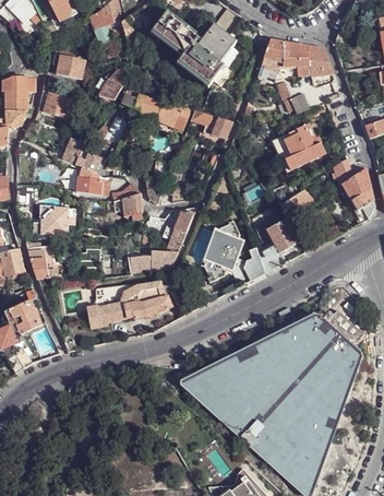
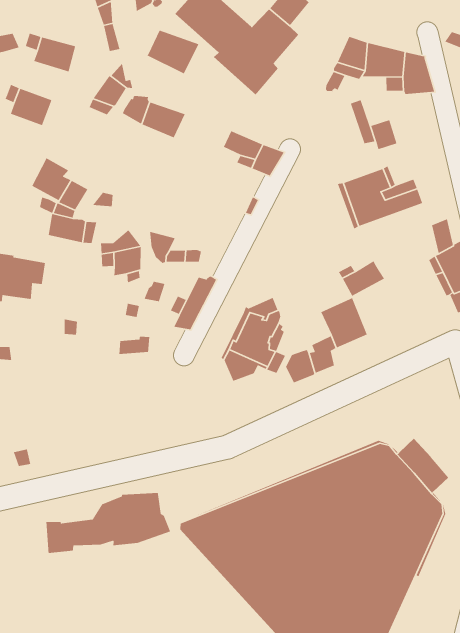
building: [156,101,192,130] -> [146,29,199,75]
building: [152,250,178,271] -> none
building: [87,281,173,329] -> [46,492,171,554]

